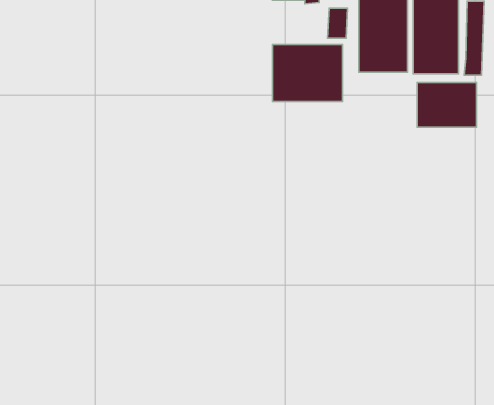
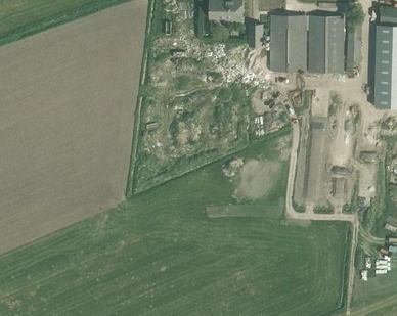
building: [273,45,342,101] -> none
building: [417,82,476,127] -> none

